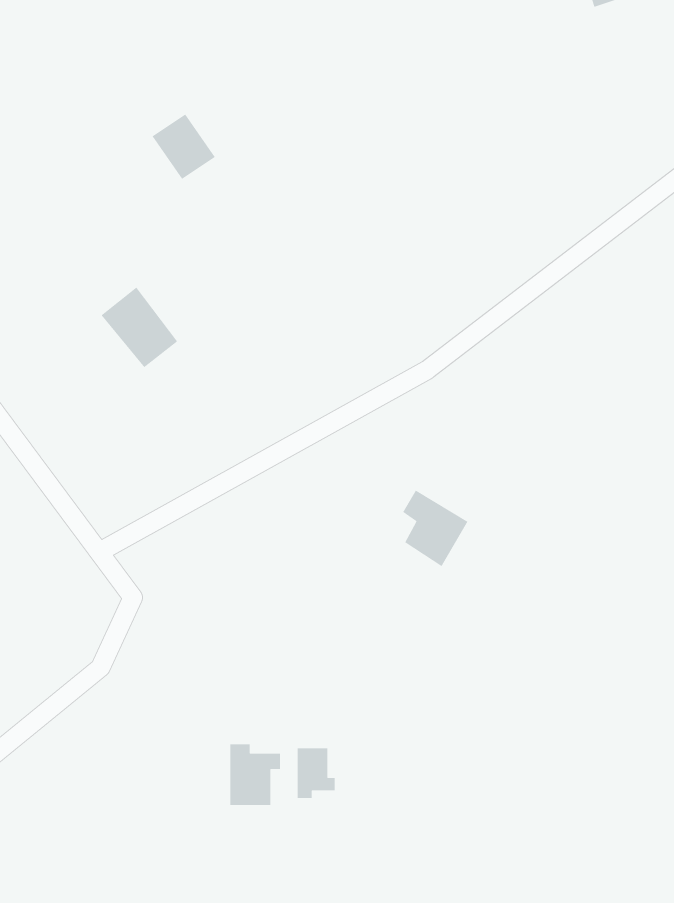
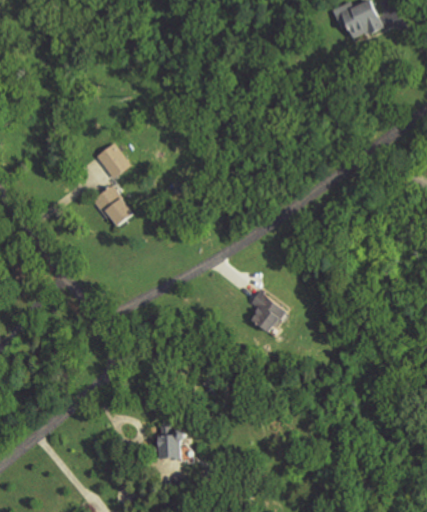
building: [152,113,216,180] -> [95,143,129,178]
building: [297,748,335,799] -> none

